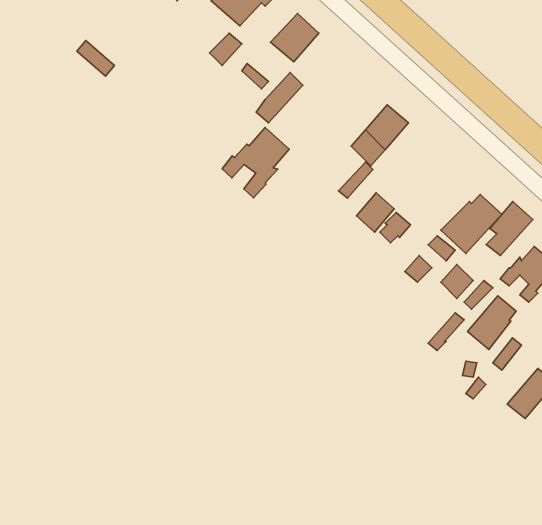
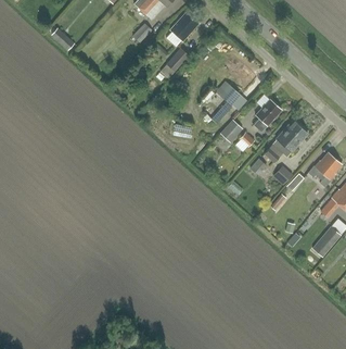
building: [222,127,289,198] -> none
building: [486,202,533,255] -> [254,99,282,132]
building: [467,296,516,350] -> none

